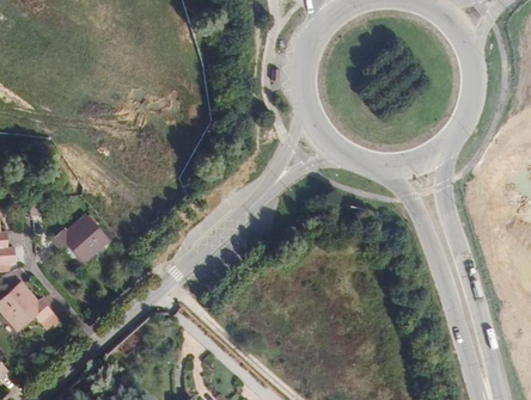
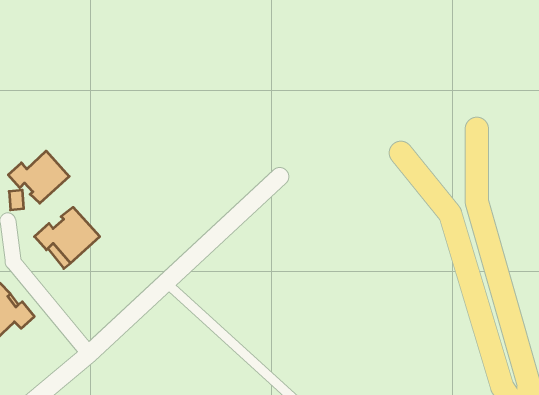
building: none -> [8,151,69,203]

